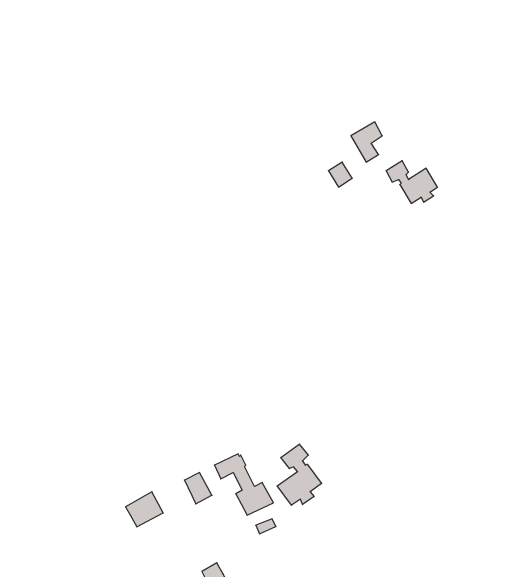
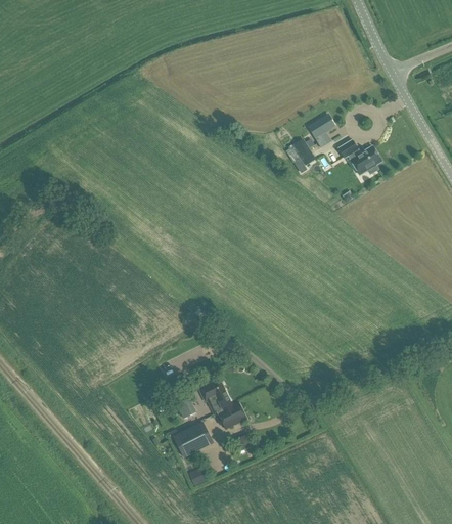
building: [277,444,322,505] -> none
building: [126,492,163,527] -> [180,425,211,453]

